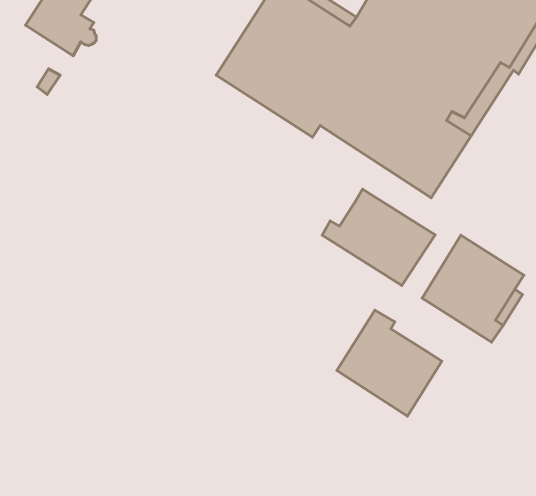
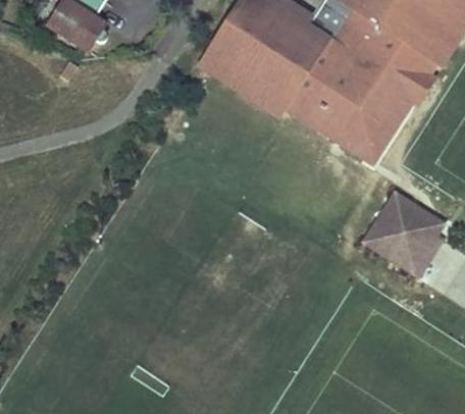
building: [322,189,435,286] -> none
building: [337,310,442,416] -> none

